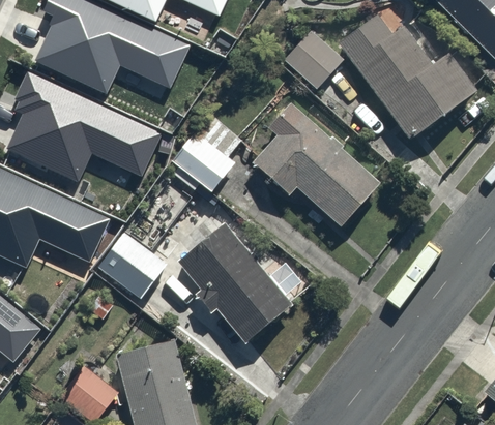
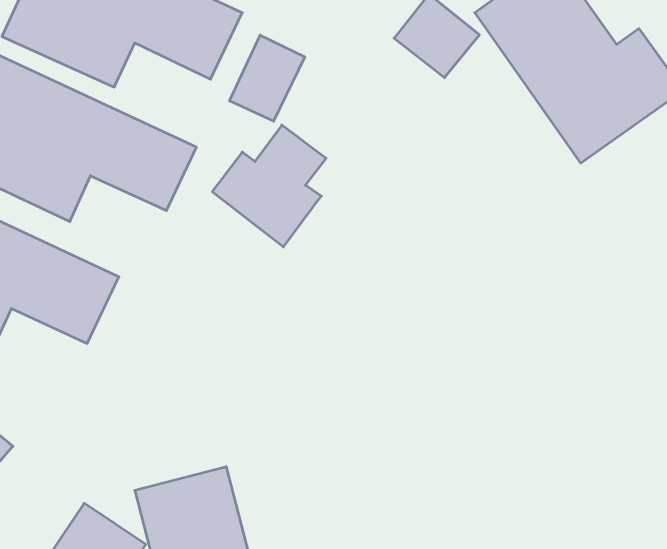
building: none -> [230,35,305,121]
building: [254,103,386,227] -> none
building: [174,221,291,341] -> none
building: [101,237,163,298] -> none

